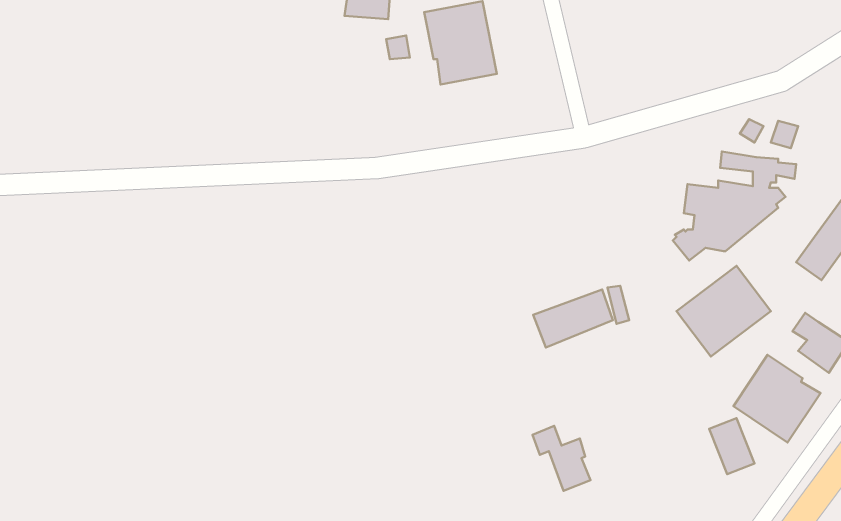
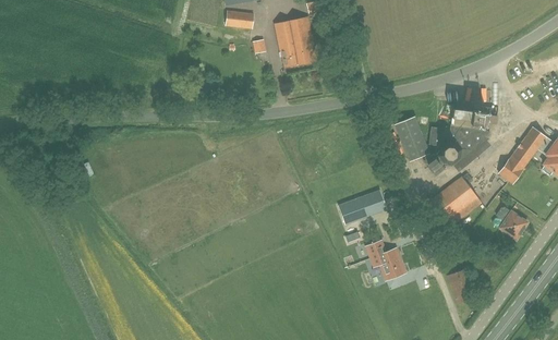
building: none -> [393,116,429,161]
building: [734,355,820,443] -> none
building: [533,426,591,491] -> [367,240,402,279]

